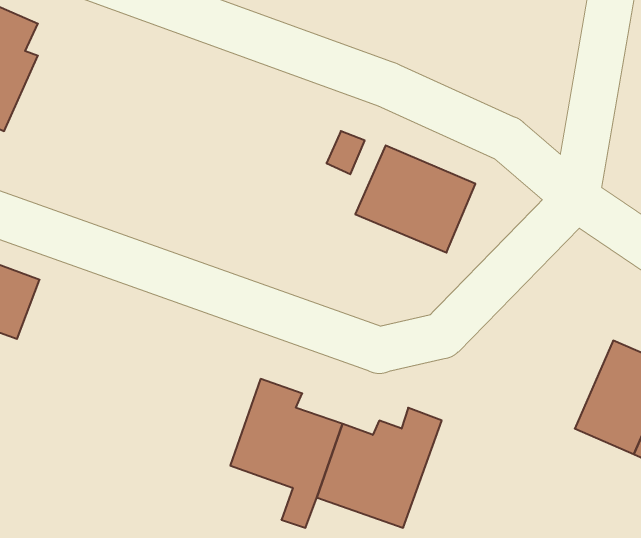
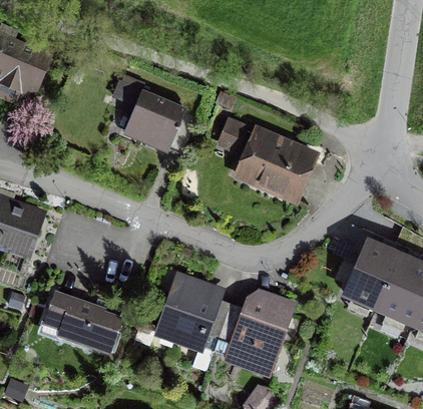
building: none -> [114,74,197,147]
building: none -> [344,239,400,308]
building: none -> [38,290,119,352]

